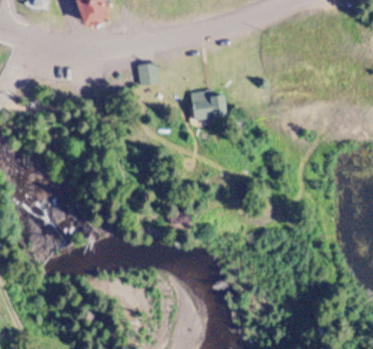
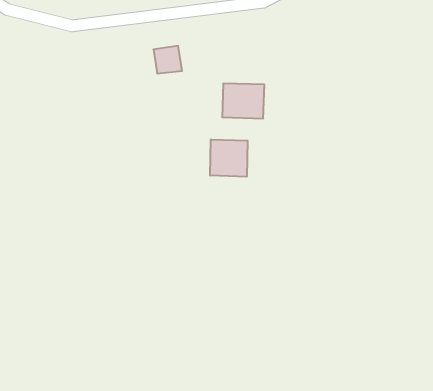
building: none -> [210,139,248,177]

